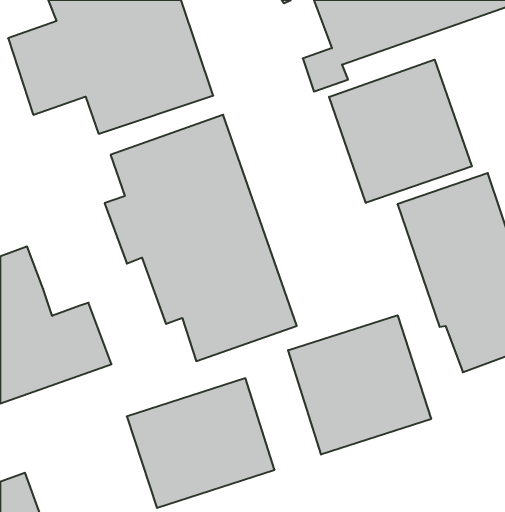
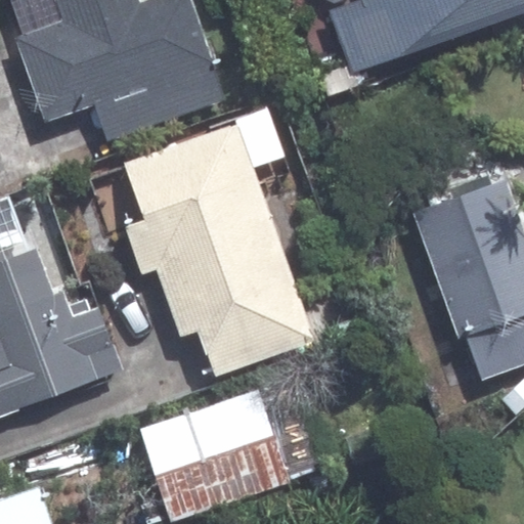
building: [329,60,472,203] -> none
building: [288,315,431,455] -> none

